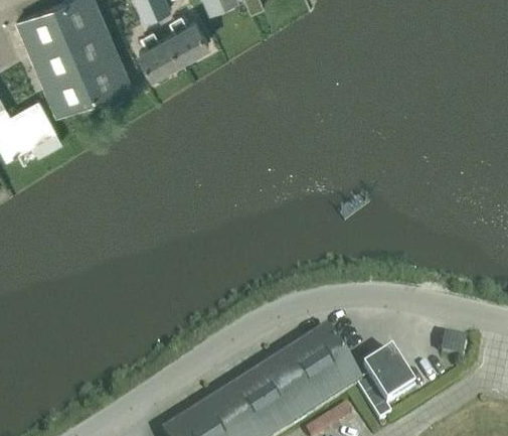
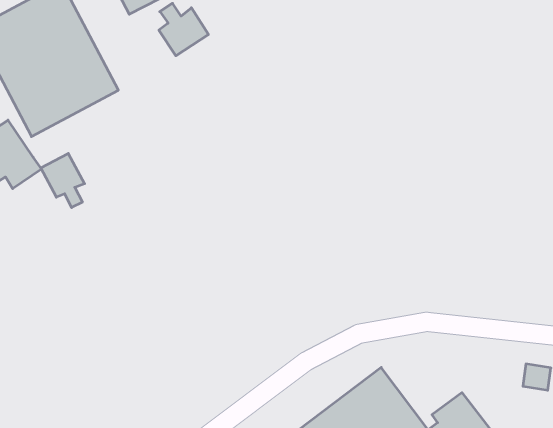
building: [138,30,179,80] -> none
building: none -> [41,153,85,208]

